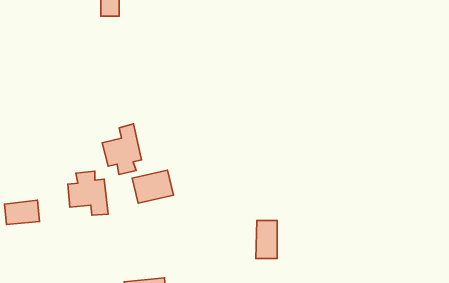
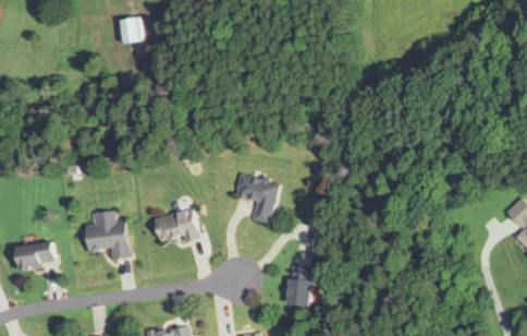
building: [102,124,141,175] -> none
building: none -> [233,173,279,223]

